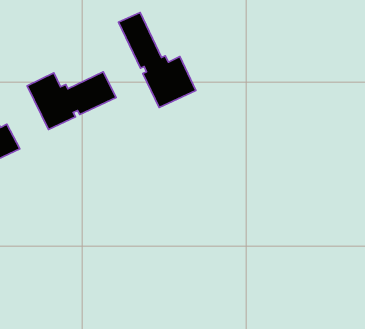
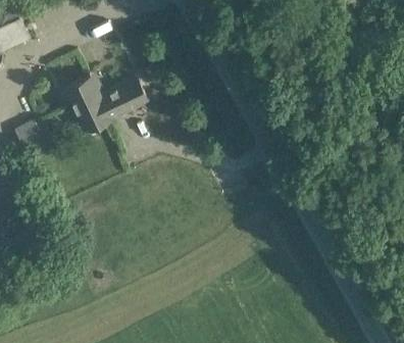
building: [118,13,196,107] -> none

